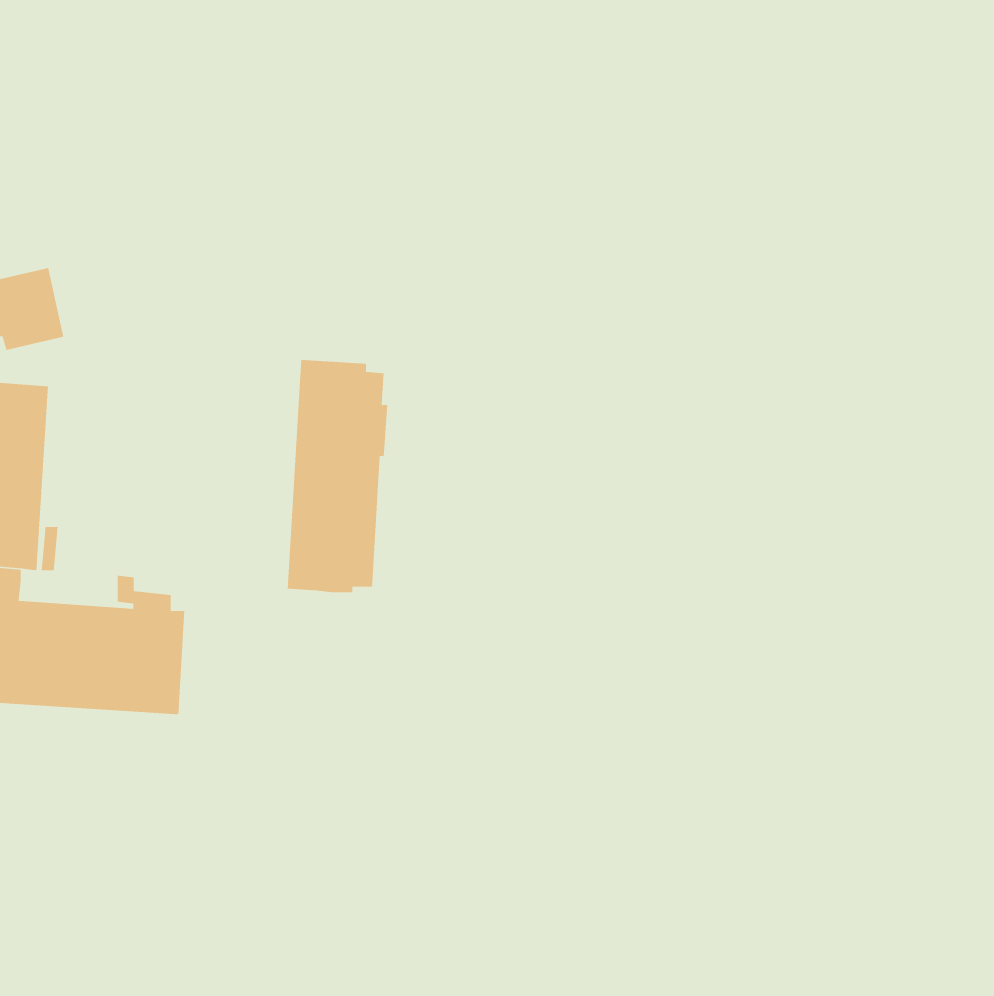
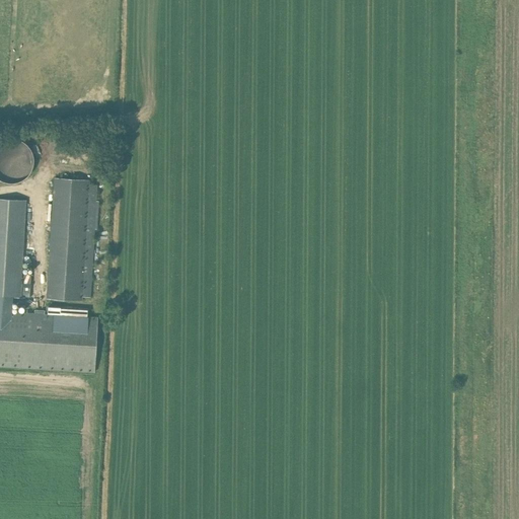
building: [287,359,388,593] -> [46,178,98,300]

